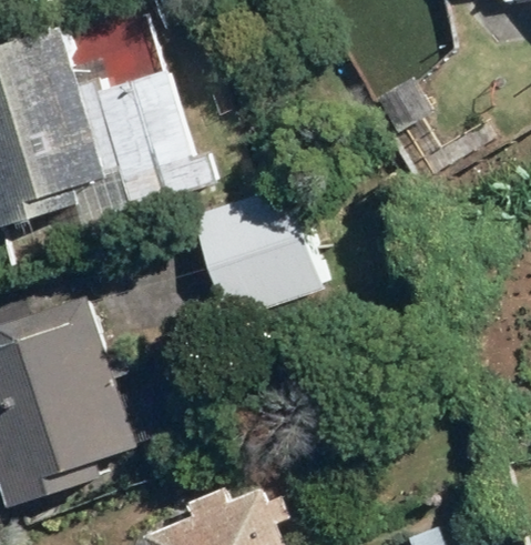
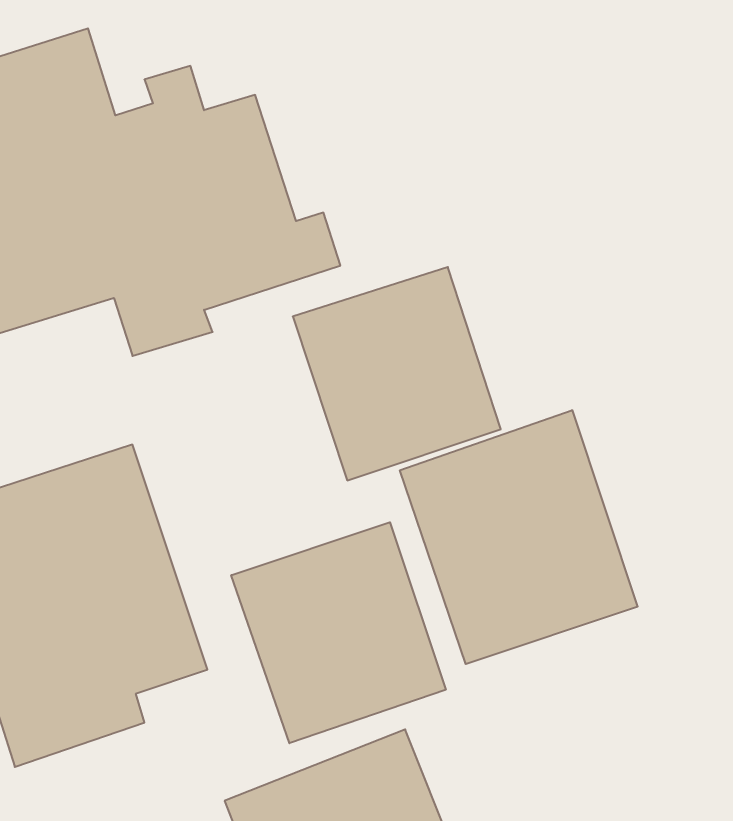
building: none -> [400,410,638,664]
building: none -> [231,522,446,743]

